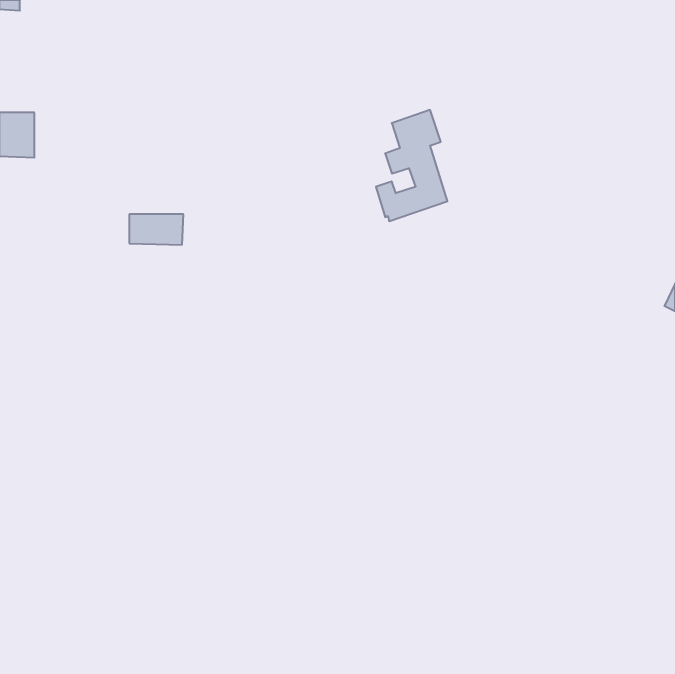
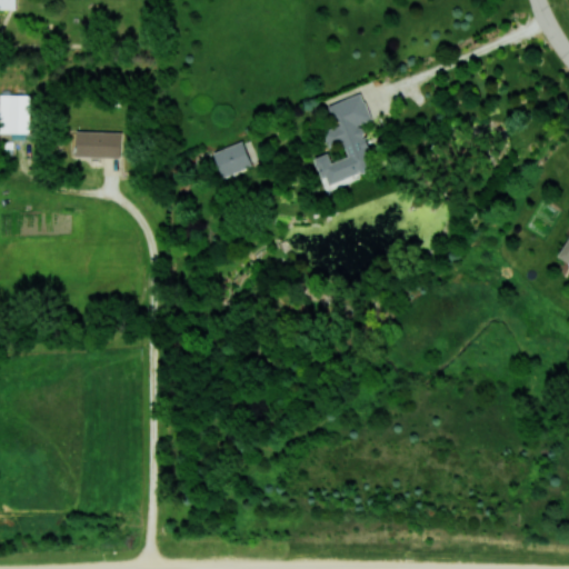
building: none -> [212,142,252,179]
building: [129,214,183,245] -> [76,133,121,159]

